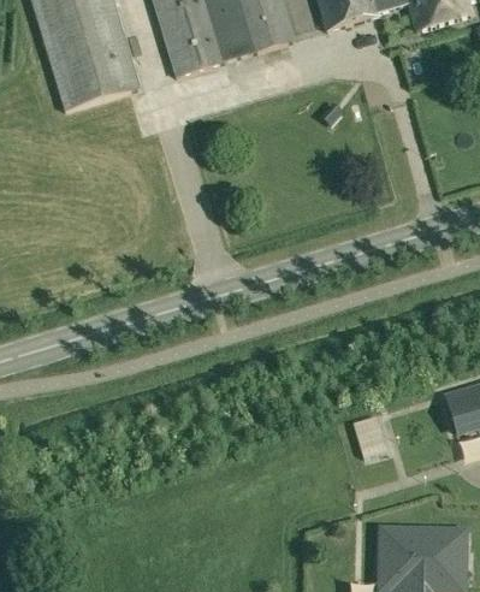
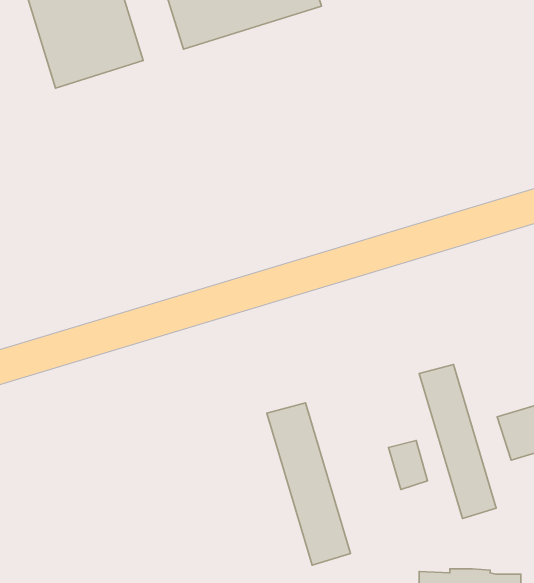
building: none -> [419,364,496,519]
building: none -> [267,403,350,565]

